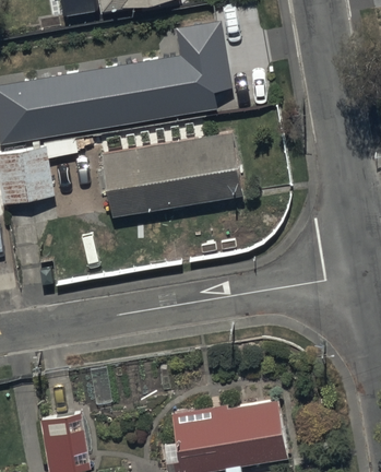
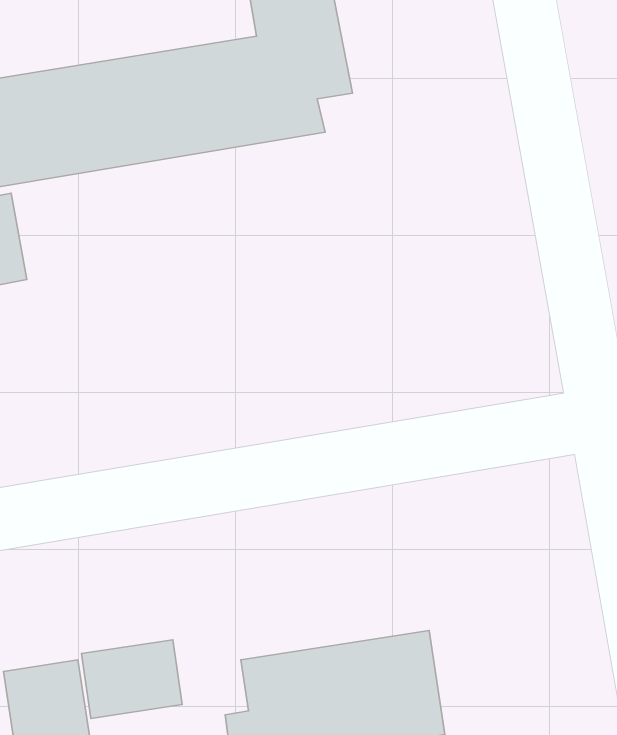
building: [100,127,242,214] -> none
building: none -> [82,640,182,718]

